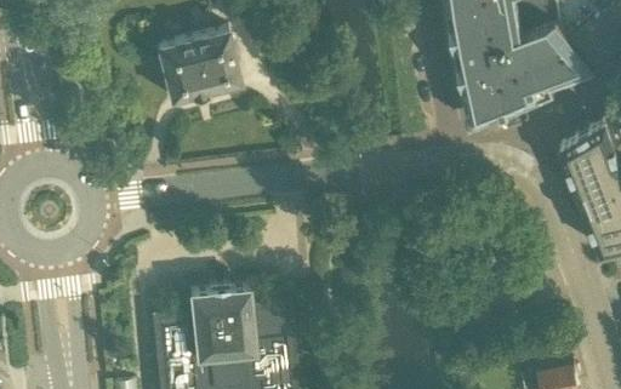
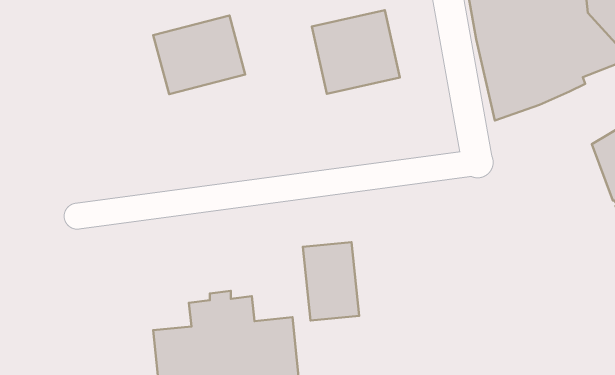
building: none -> [312,10,400,94]
building: none -> [303,242,359,320]

